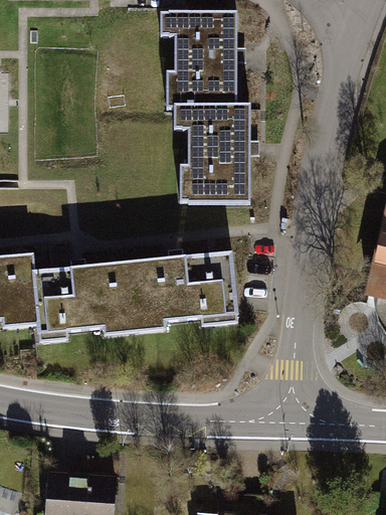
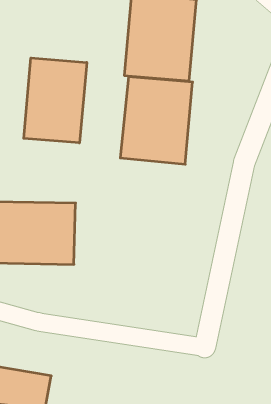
building: none -> [24,58,87,143]
building: [128,252,237,333] -> none

